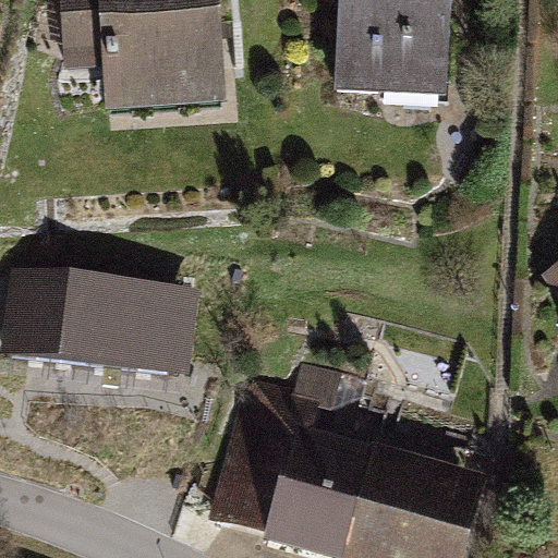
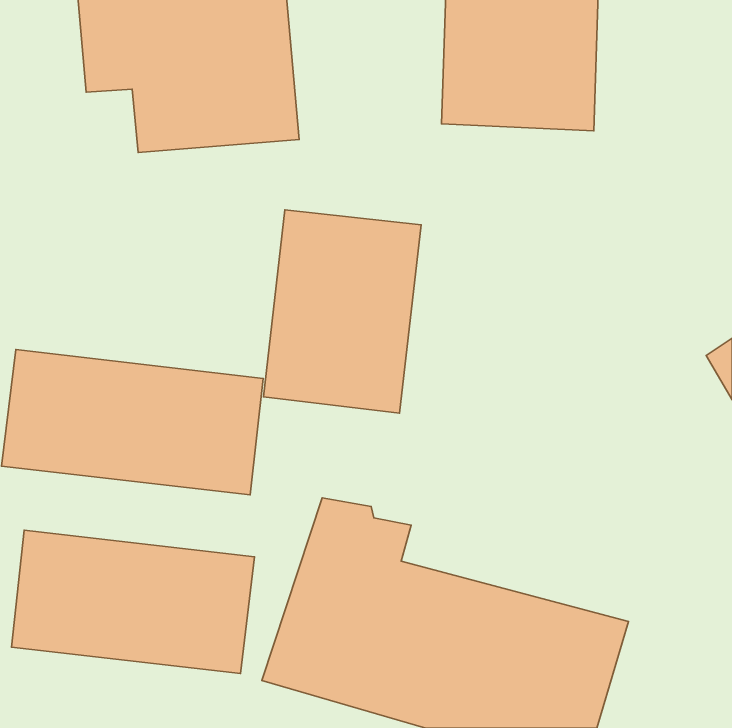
building: none -> [263,210,421,413]
building: none -> [12,530,254,674]

